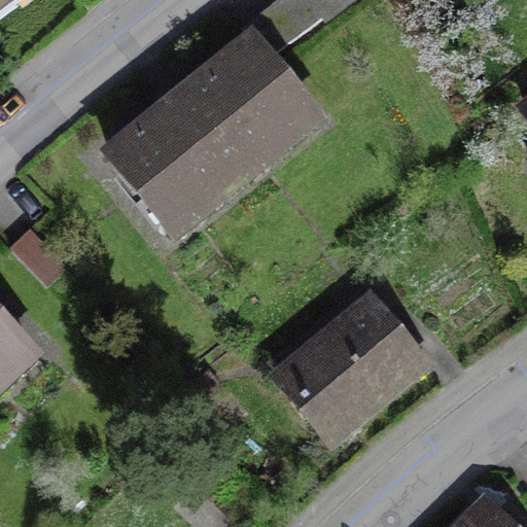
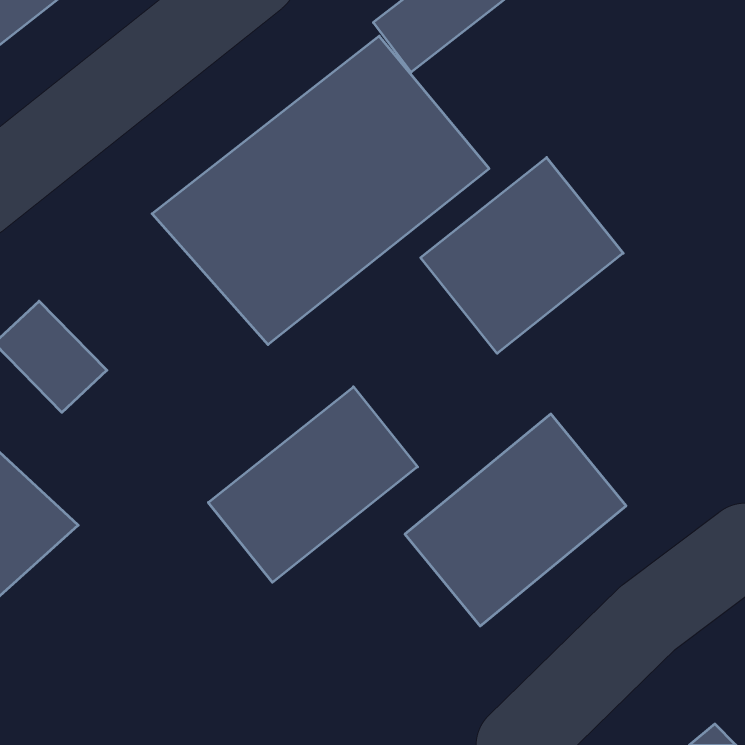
building: none -> [421,157,623,353]
building: none -> [208,387,418,582]

